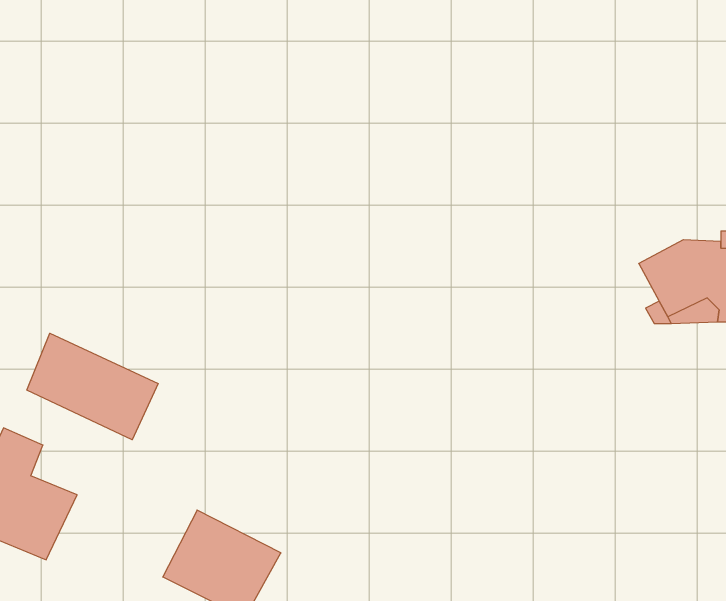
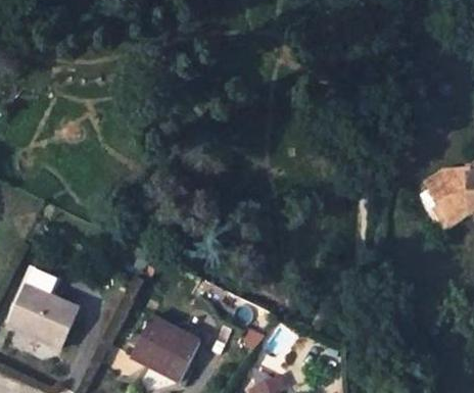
building: [27,333,158,440] -> none

